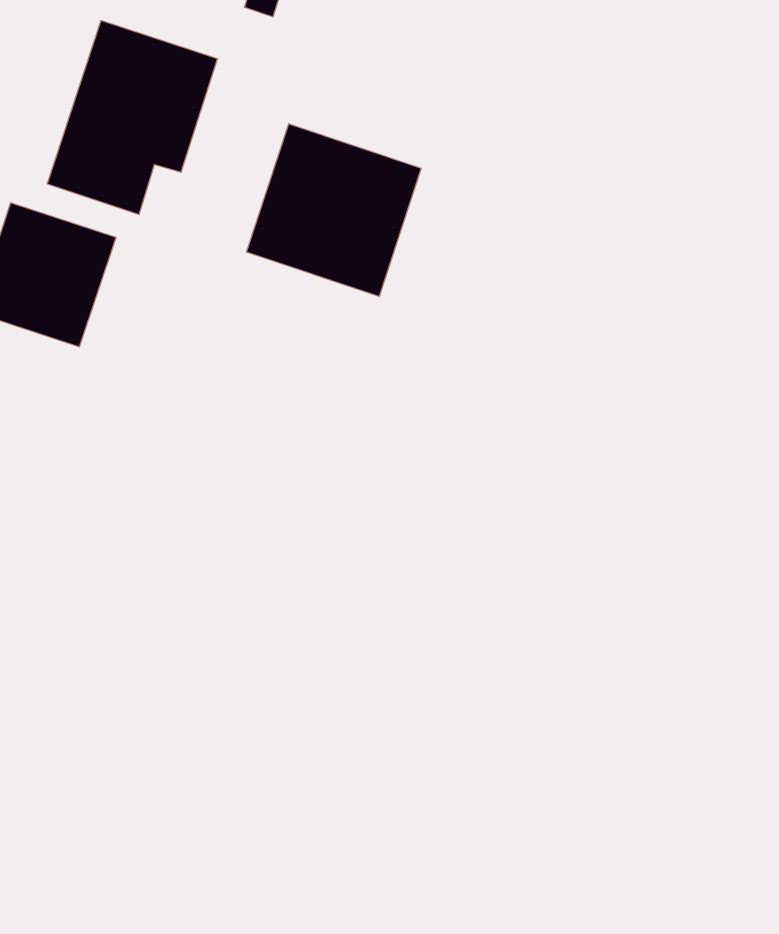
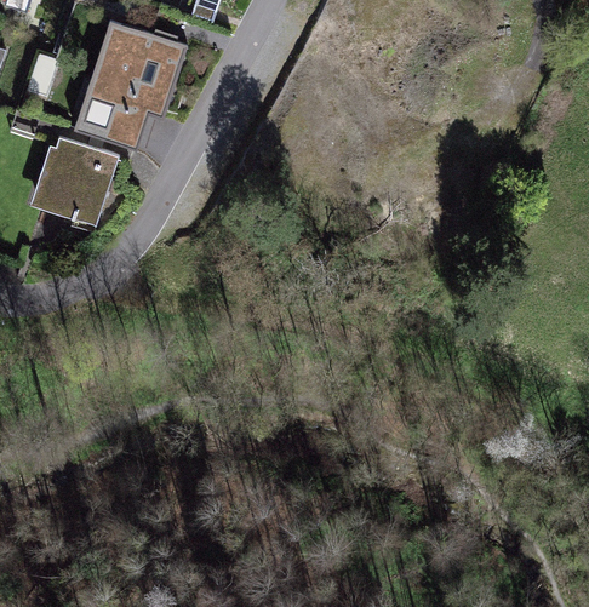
building: [247,124,421,297] -> none

